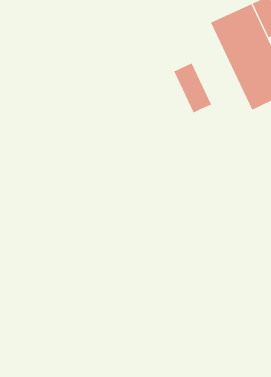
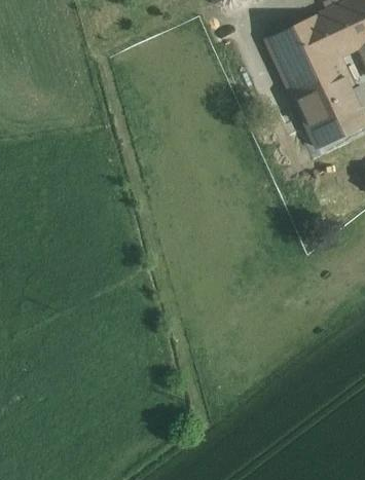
building: [173,62,212,114] -> none

